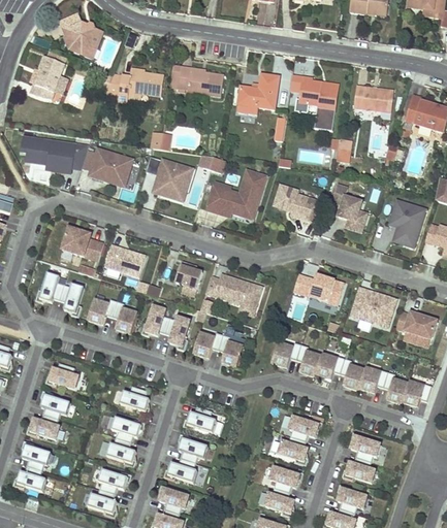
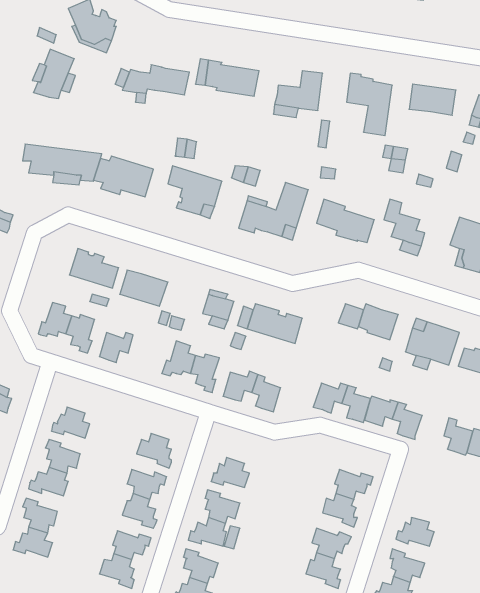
building: [111,300,136,332] -> none
building: [358,367,387,392] -> none
building: [350,431,380,461] -> none

